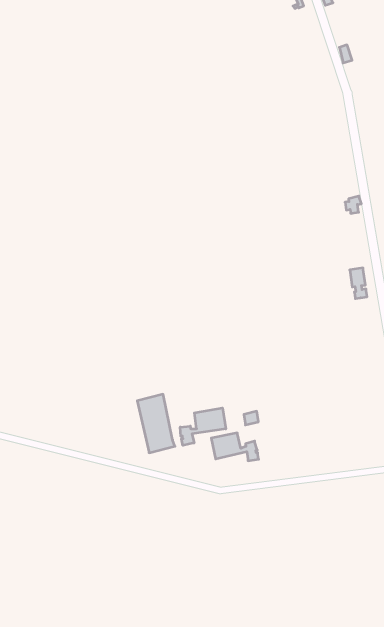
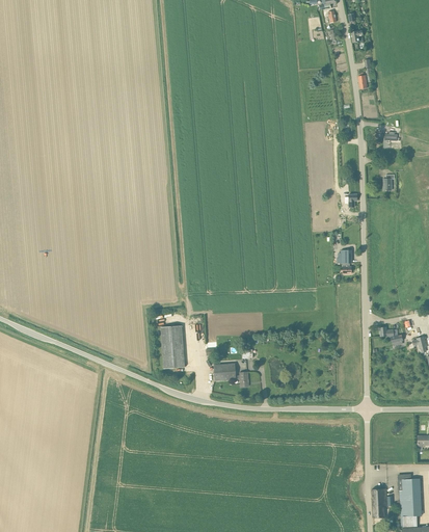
building: [180,408,226,445] -> none

